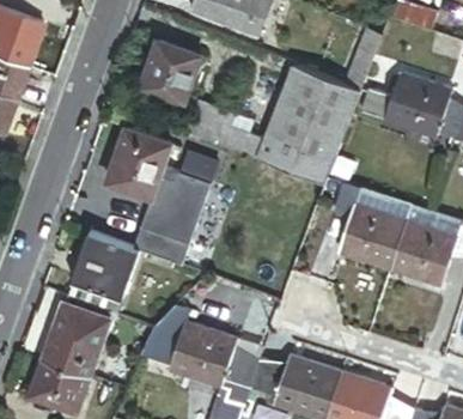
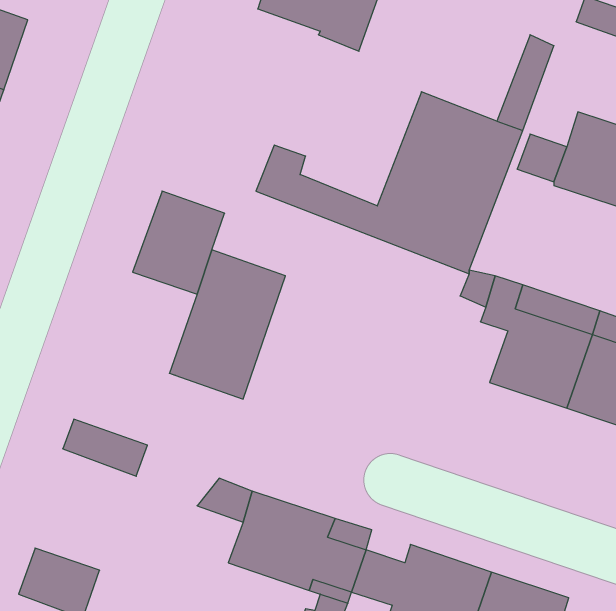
building: [145,36,201,95] -> none
building: [71,230,136,293] -> none
building: [45,302,108,374] -> none

